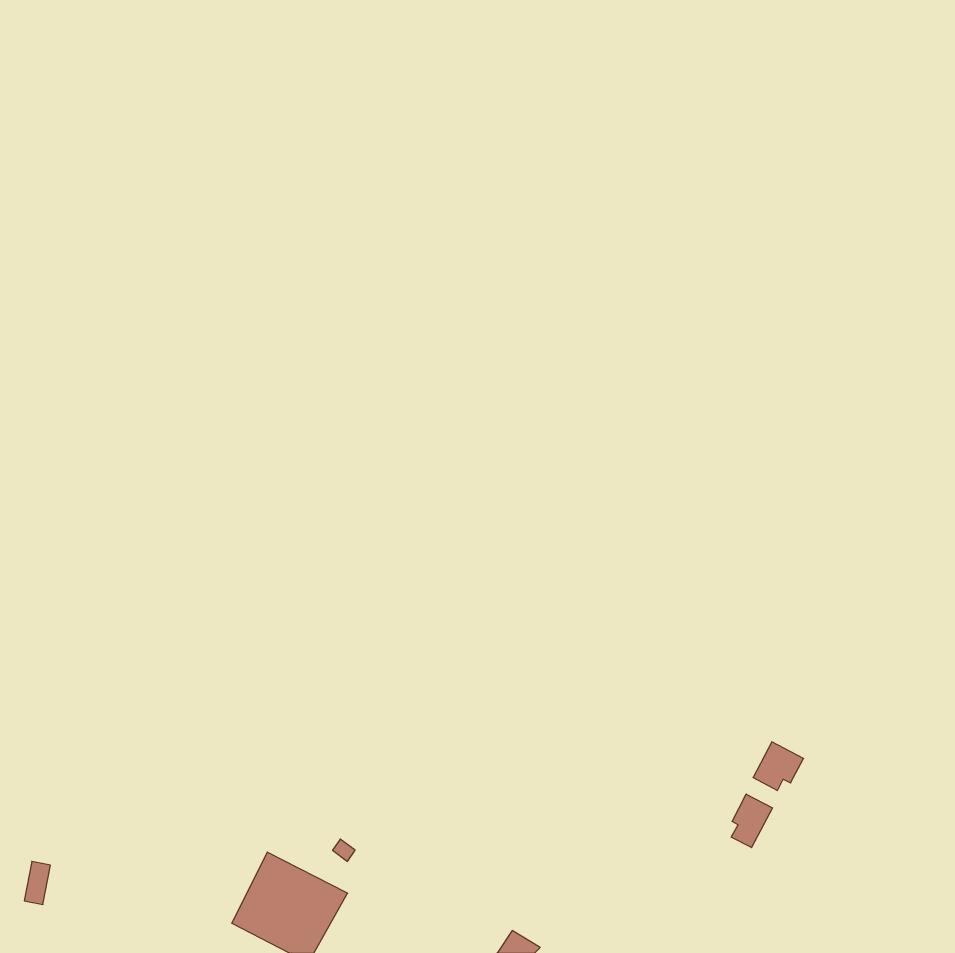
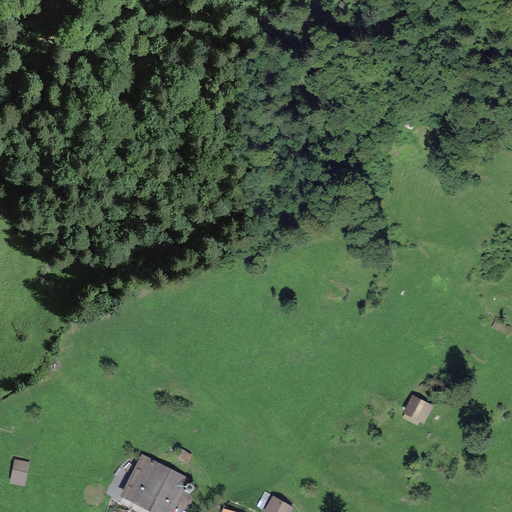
building: [731,794,772,848] -> none

